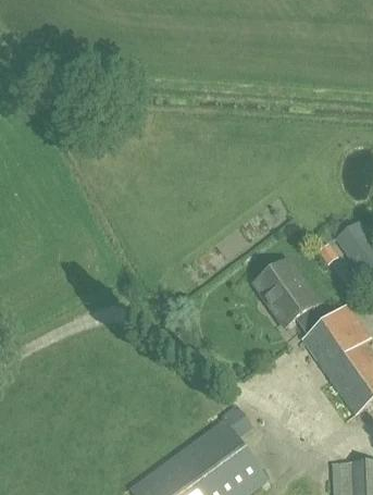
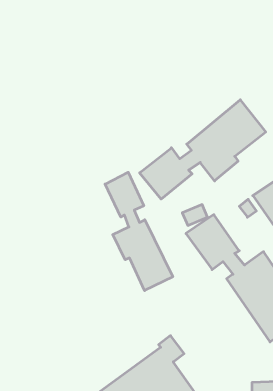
building: none -> [140,100,266,199]
building: none -> [105,172,173,291]

